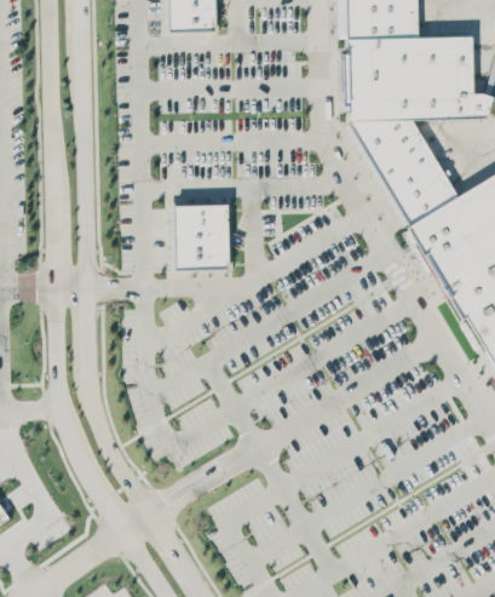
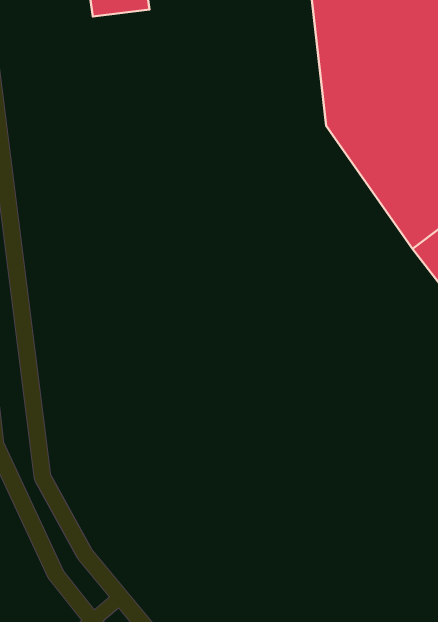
building: [172,202,228,268] -> none

